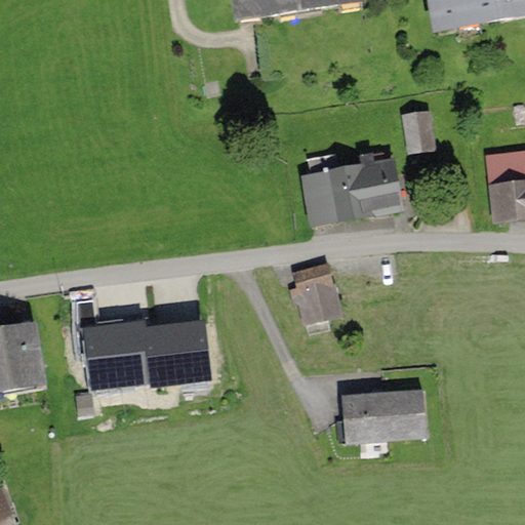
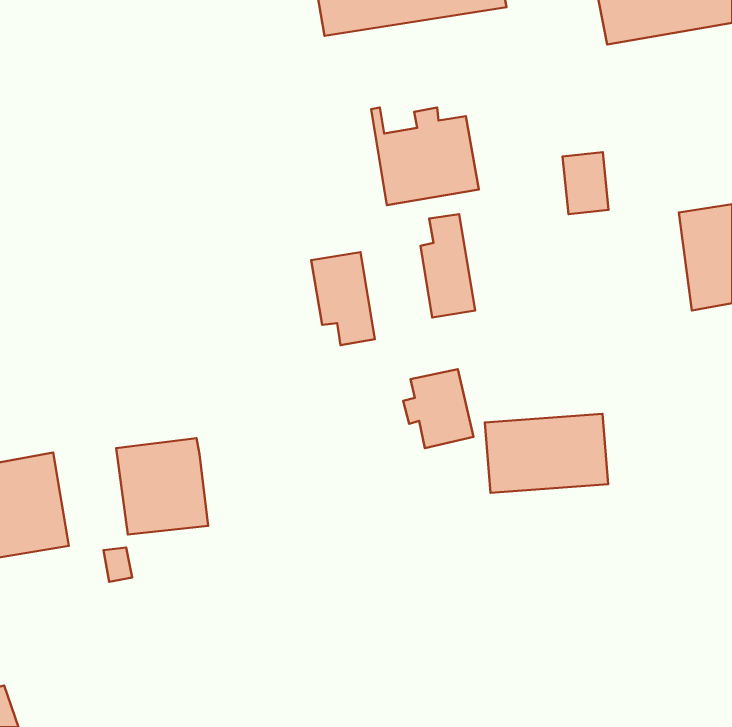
building: [328,152,405,221] -> [371,108,479,205]
building: none -> [311,252,375,345]
building: [143,317,208,380] -> none
building: [338,388,427,444] -> [485,414,608,493]

